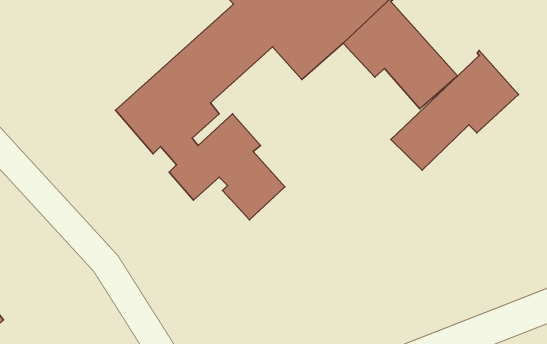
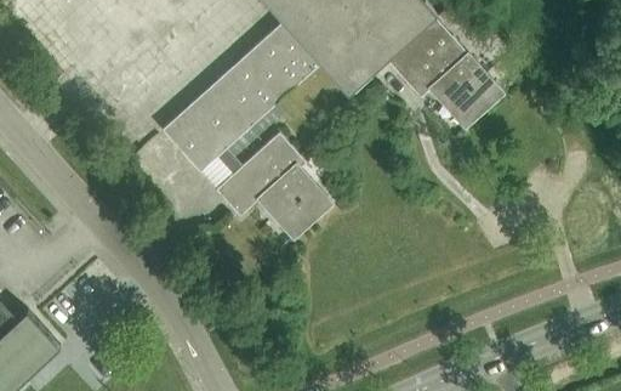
building: [391,51,518,170] -> none

